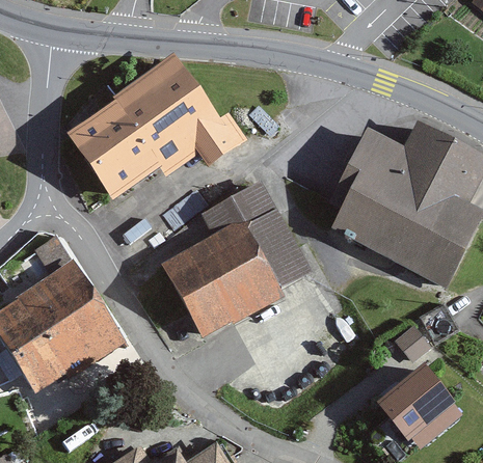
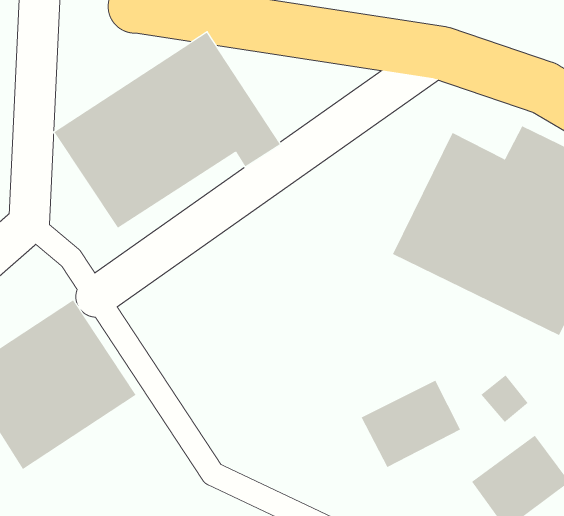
building: [160,181,308,341] -> none
building: none -> [361,380,461,468]

